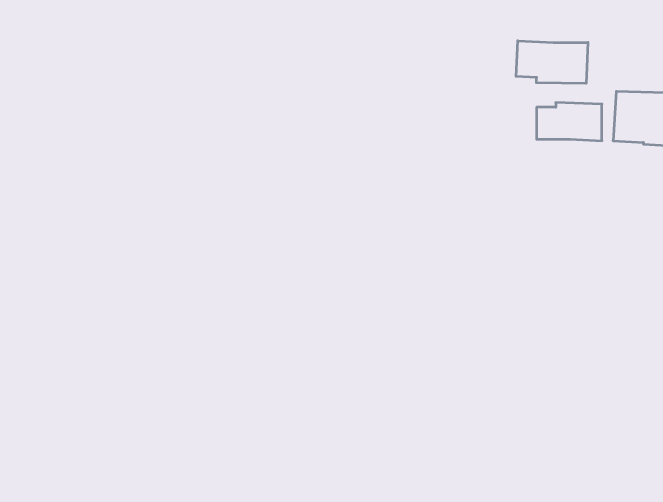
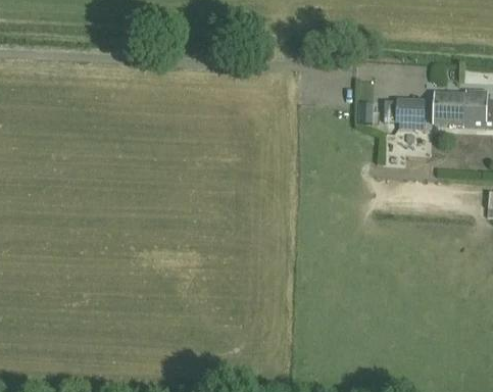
building: [516,41,588,83] -> none

